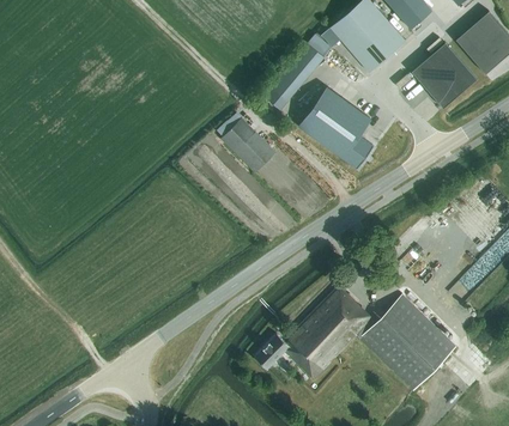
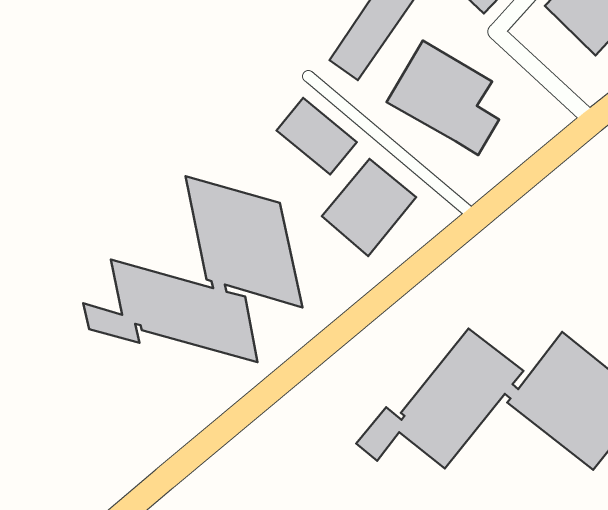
building: none -> [83,176,303,362]
building: none -> [322,159,416,256]

